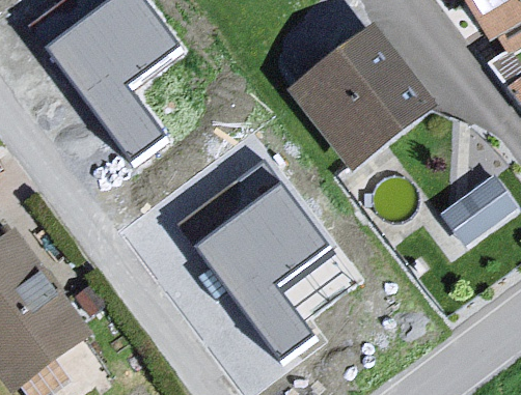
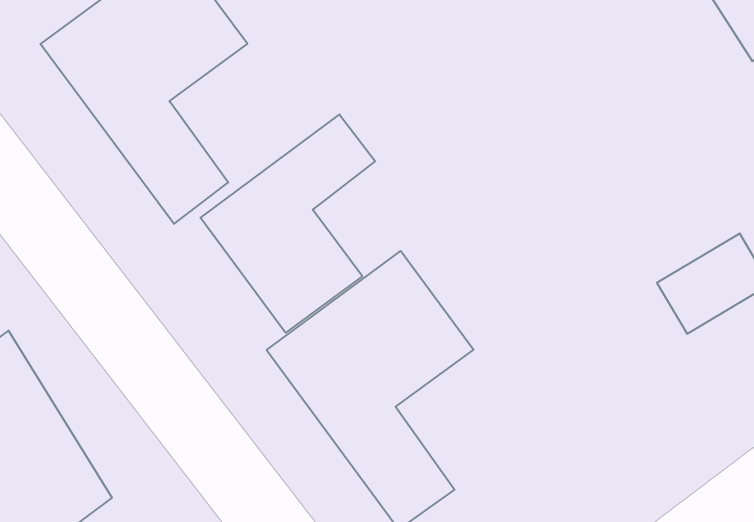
building: [298,30,442,174] -> none
building: none -> [200,114,375,333]

